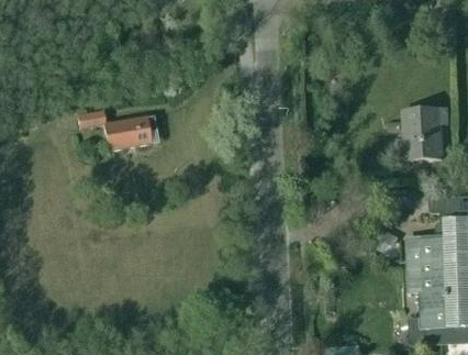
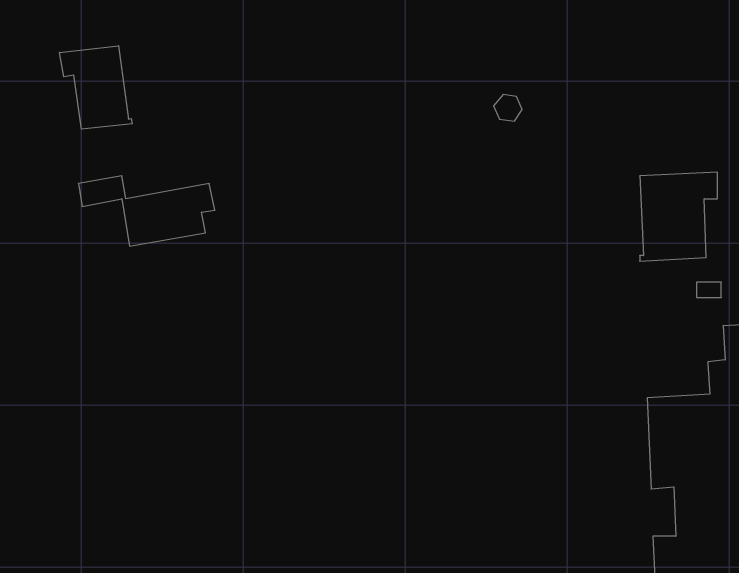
building: none -> [60,46,132,129]

